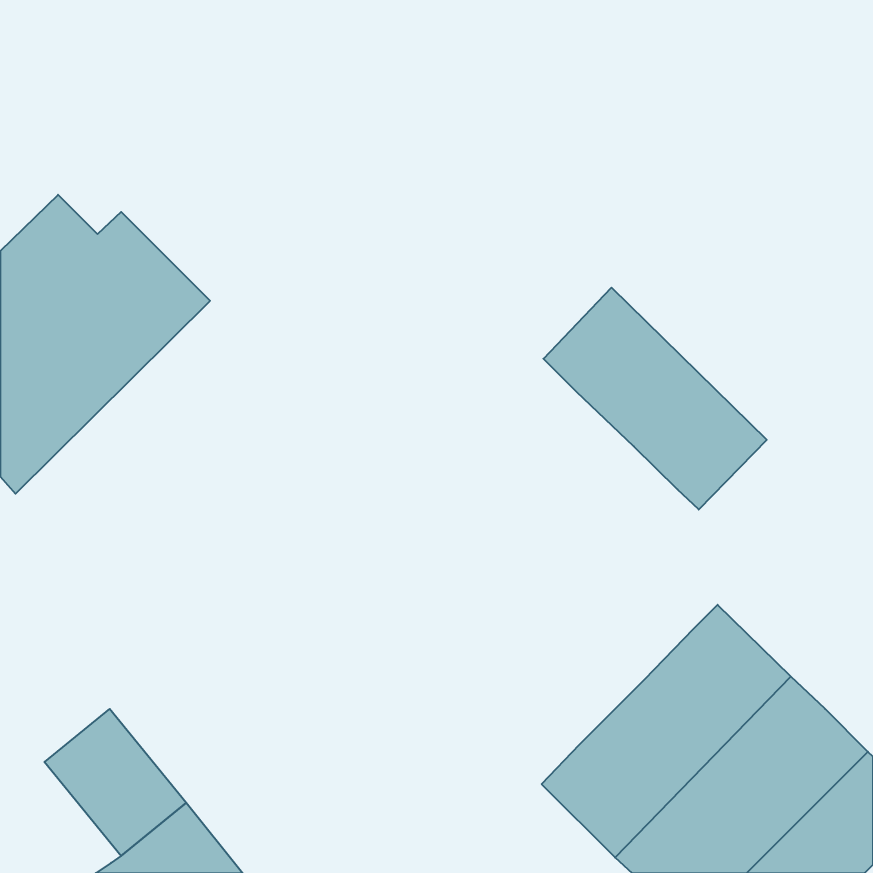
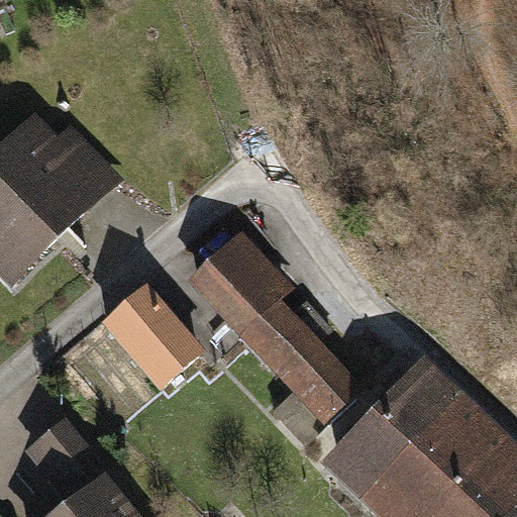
building: [543,288,767,510] -> none
building: none -> [185,230,381,440]
building: none -> [103,285,203,388]

